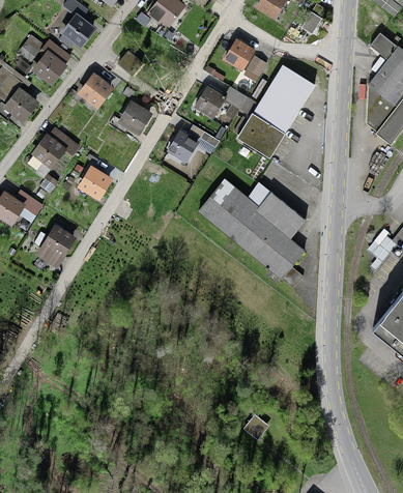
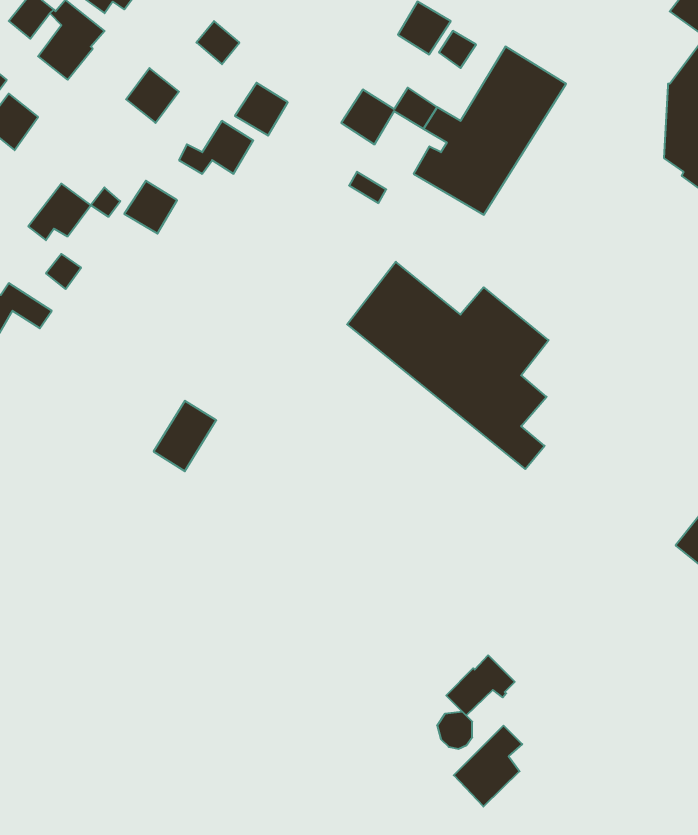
building: [169,132,197,160] -> [235,83,288,136]
building: [81,168,109,196] -> [124,181,177,234]
building: [39,227,73,264] -> [154,401,216,471]
building: none -> [446,655,515,715]
building: none -> [454,726,522,807]

